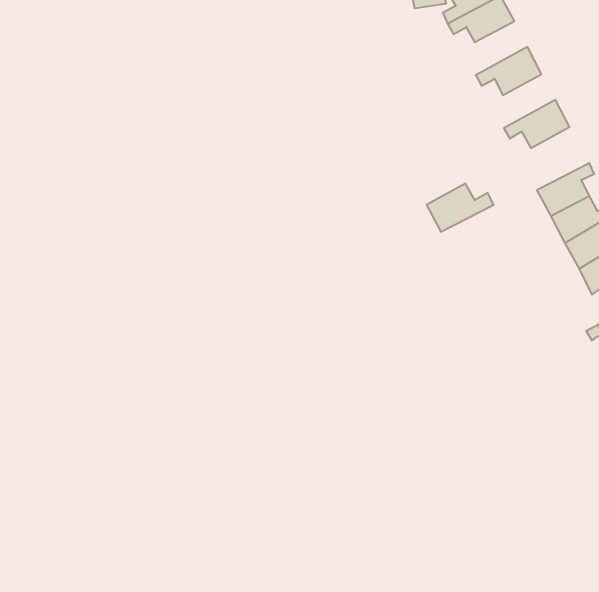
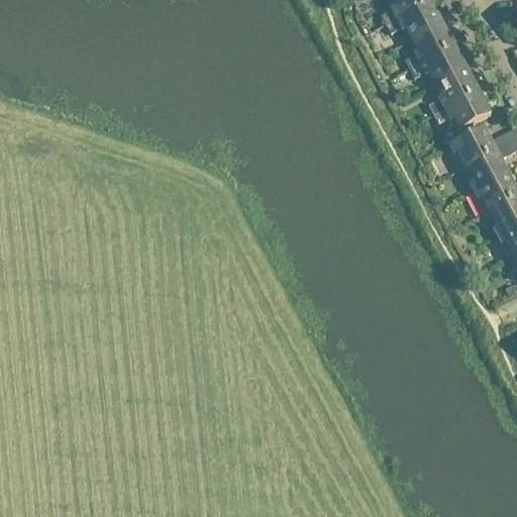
building: none -> [405,18,454,65]
building: none -> [429,64,479,110]
building: [427,184,494,232] -> [450,122,508,164]

